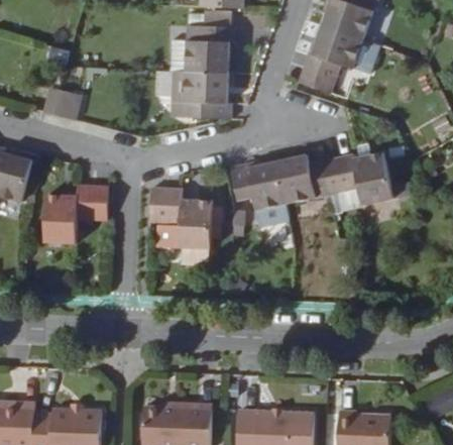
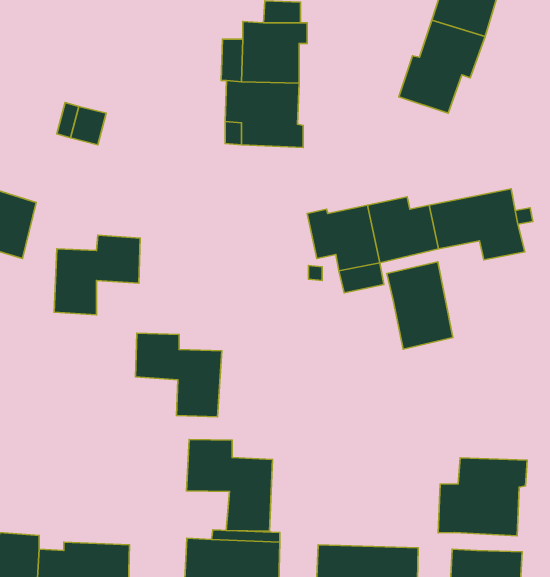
building: [150,188,214,249] -> [135,333,222,417]
building: none -> [387,262,453,349]
building: none -> [186,439,273,531]
building: none -> [438,458,527,536]

